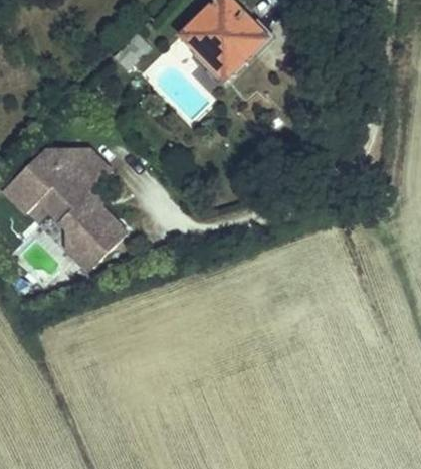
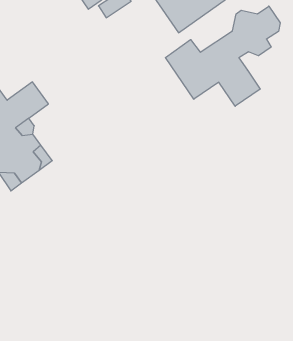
building: none -> [165,6,280,106]

